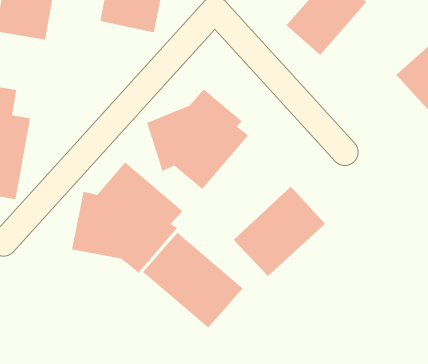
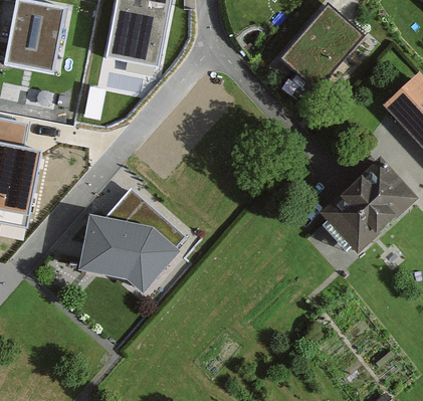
building: [146,88,249,190] -> none
building: [233,186,326,277] -> [326,165,414,251]
building: [142,232,243,329] -> none

